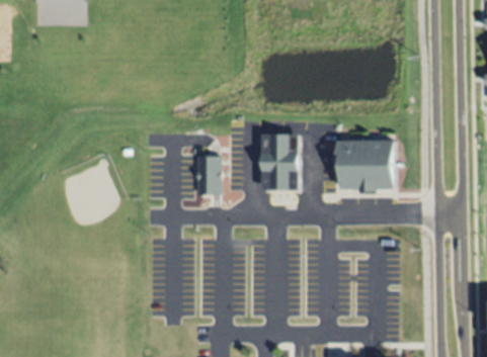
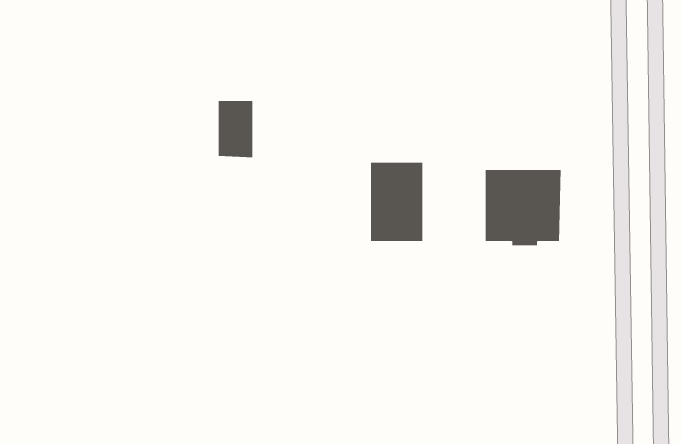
building: [196,156,221,195] -> [218,100,253,158]

